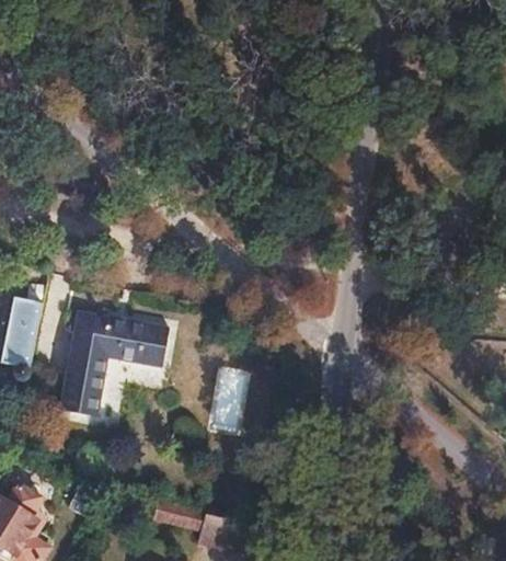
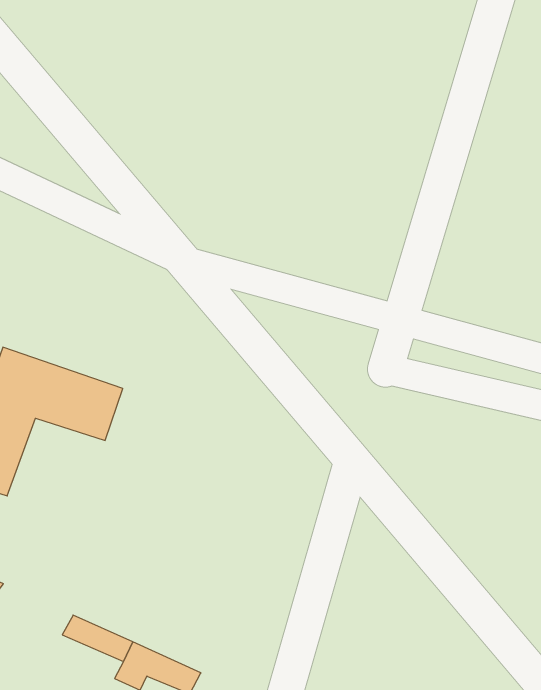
building: [208,366,253,430] -> none

